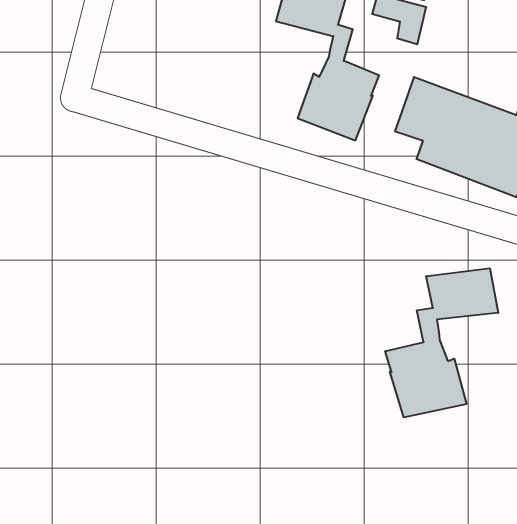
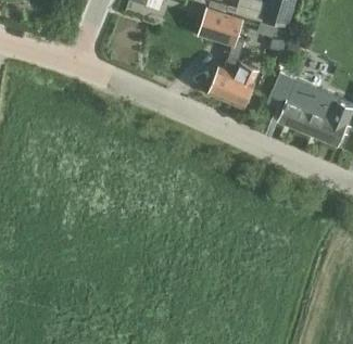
building: [385,268,498,417] -> none

